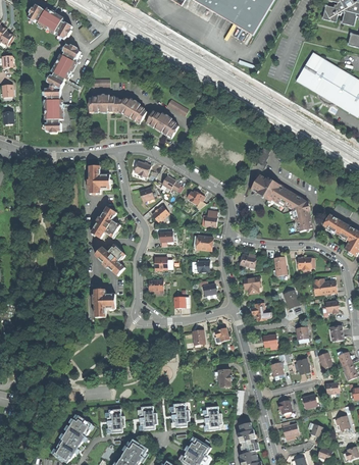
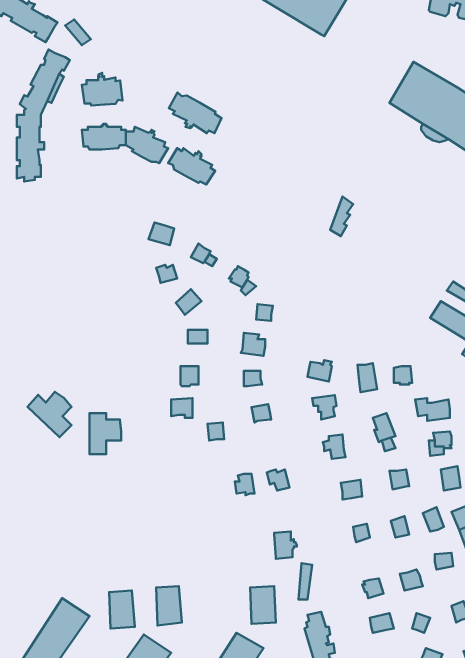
building: none -> [82,73,122,106]
building: none -> [169,92,222,133]
building: [90,165,110,194] -> none
building: [252,175,313,231] -> none
building: [92,207,120,238] -> none
building: [96,245,125,275] -> [28,392,72,437]
building: [170,402,188,427] -> none

